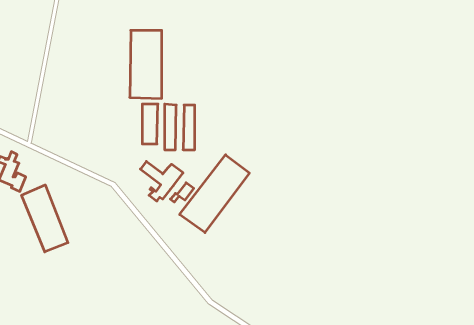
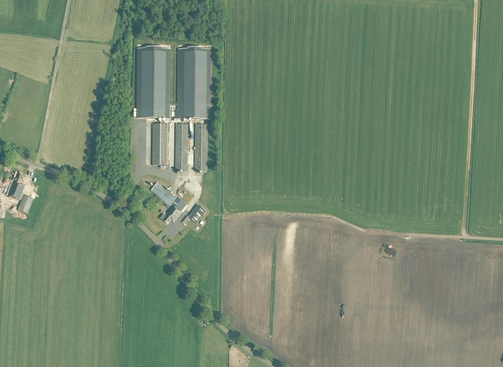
building: none -> [177,48,210,118]
building: [180,155,249,233] -> none
building: [22,185,68,252] -> none

